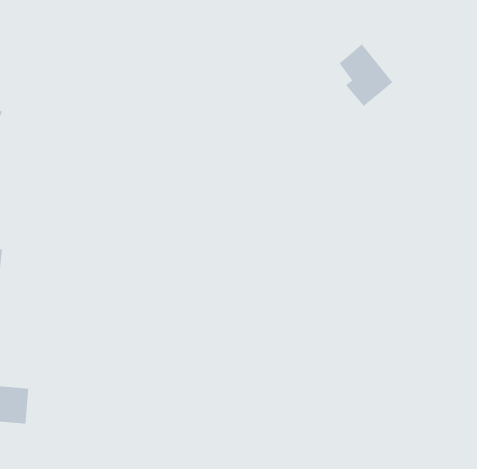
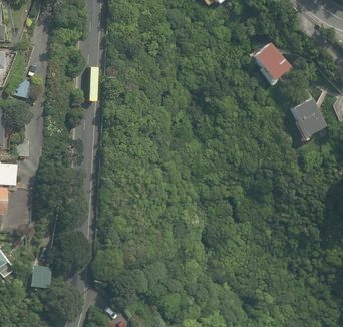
building: none -> [294,99,328,139]

